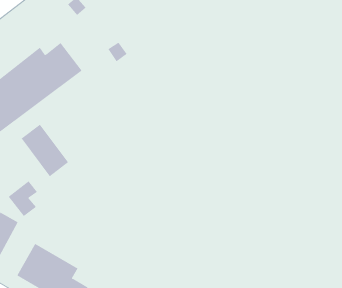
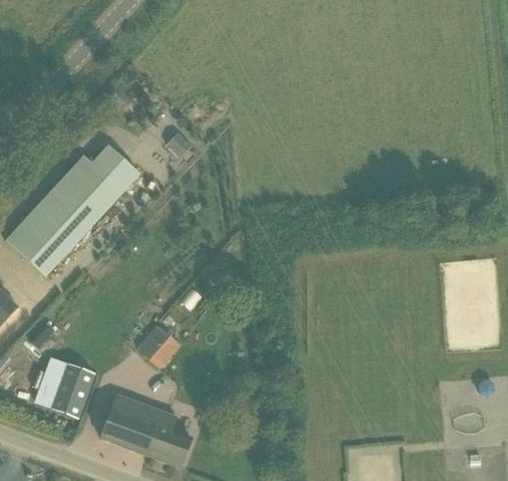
building: [21,124,69,177] -> none
building: [8,181,38,217] -> [136,322,173,368]

